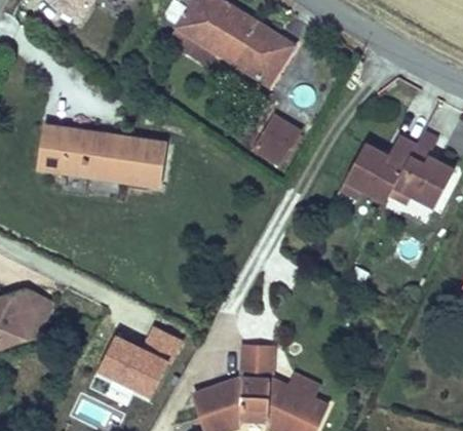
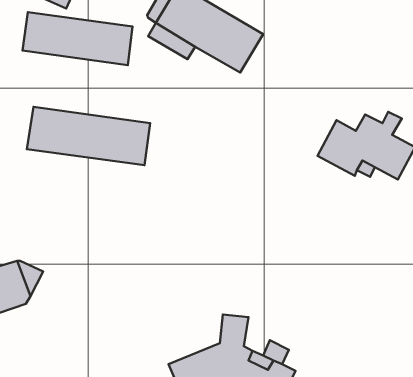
building: none -> [23,12,132,65]
building: [255,112,303,163] -> none
building: [95,326,179,398] -> none

